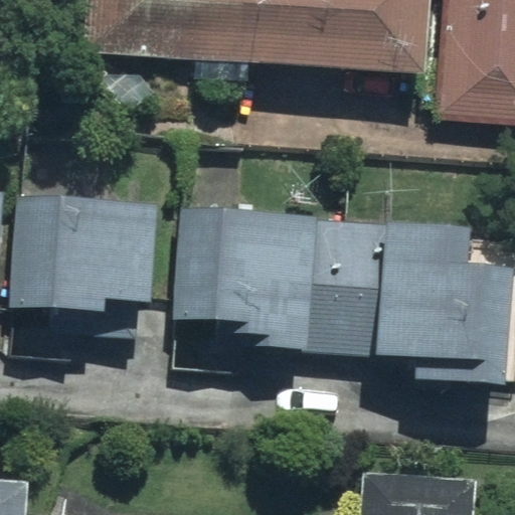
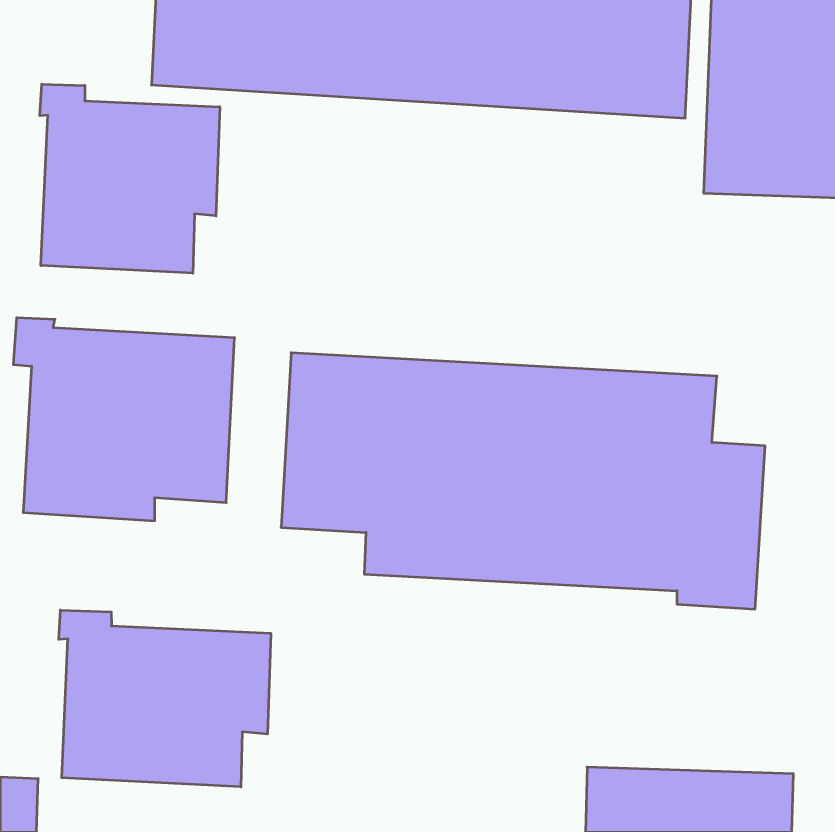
building: none -> [40,84,220,273]
building: none -> [59,610,271,787]

